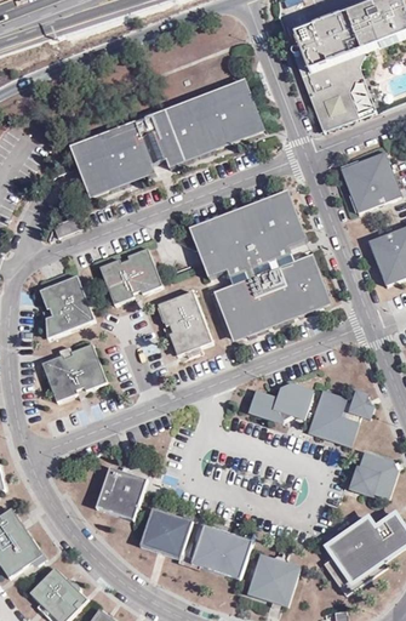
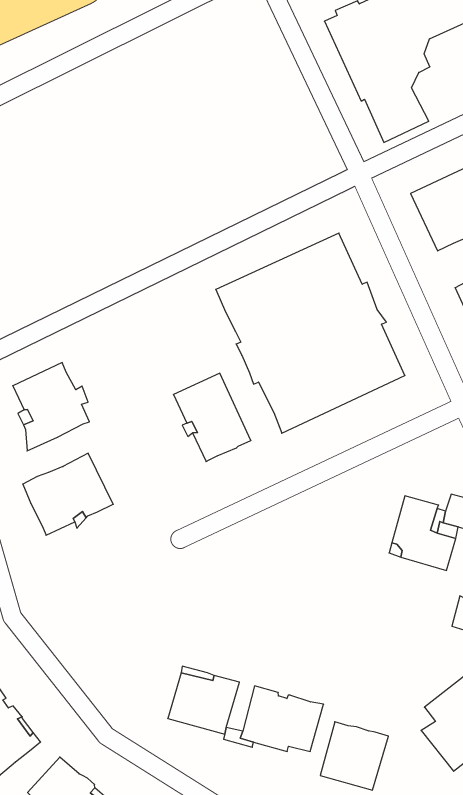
building: [74,81,261,194] -> none
building: [99,247,162,303] -> none
building: [248,383,311,422] -> none
building: [96,465,147,517] -> none

